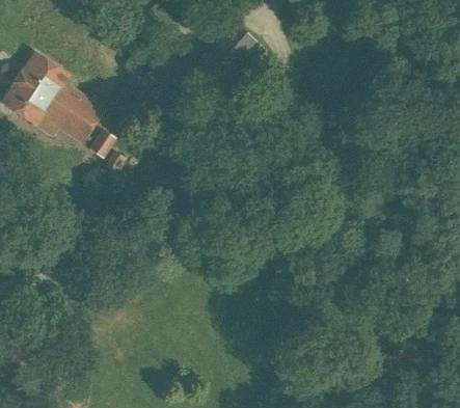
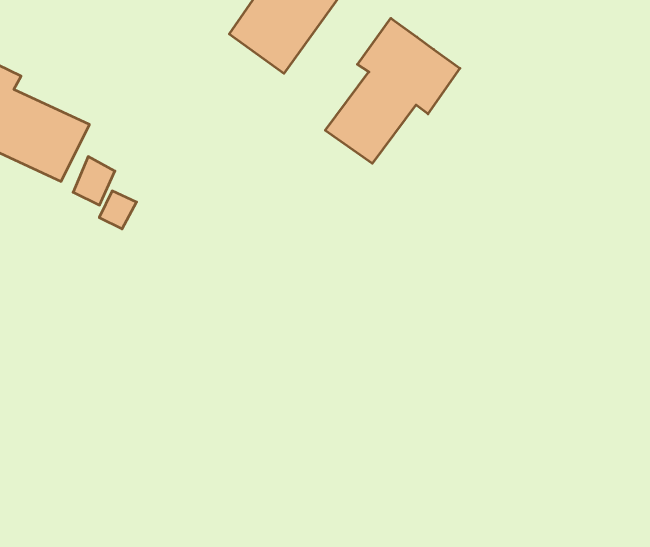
building: none -> [325,18,460,163]

